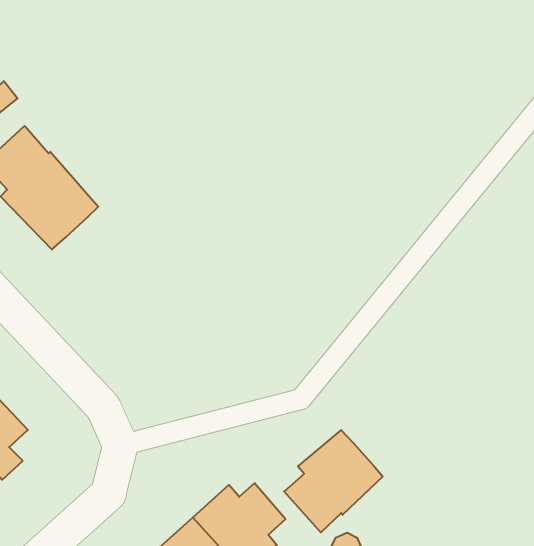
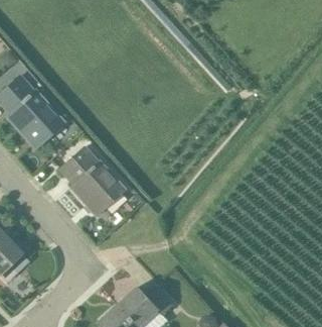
building: none -> [60,146,136,214]
building: [284,430,383,532] -> none

